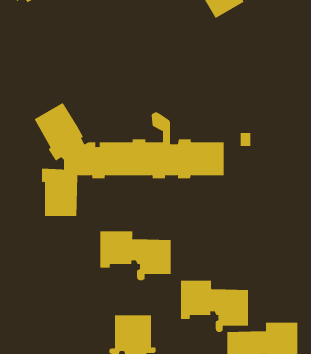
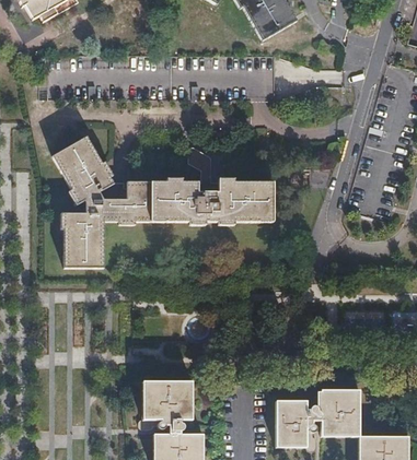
building: [100,230,171,281] -> none
building: [180,280,248,333] -> none

